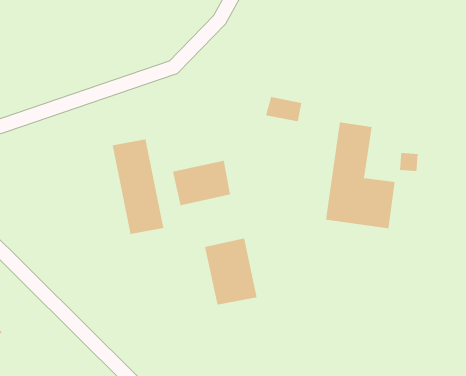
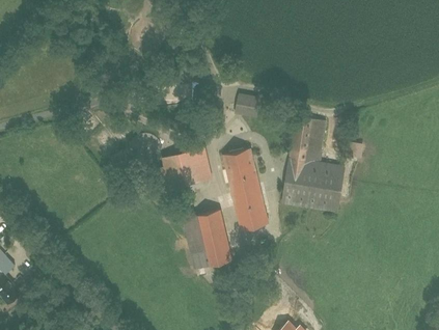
building: [112,139,164,234] -> [226,152,269,229]

